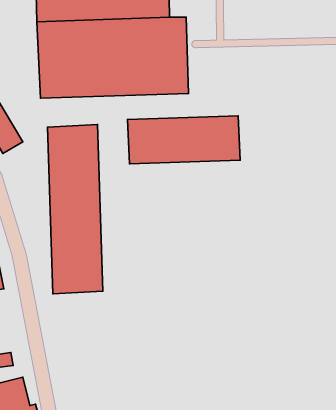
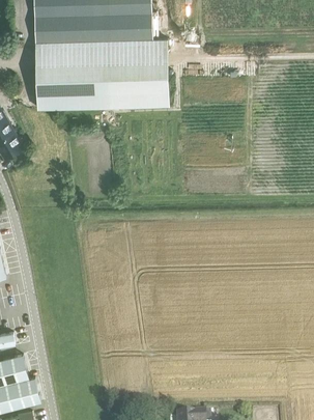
building: [127,116,240,164] -> none
building: [47,125,103,294] -> none

